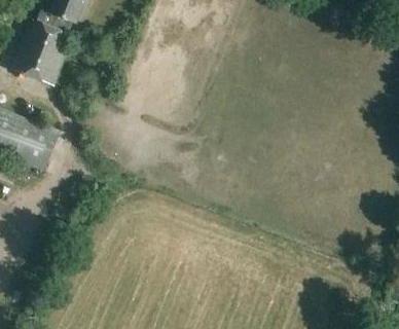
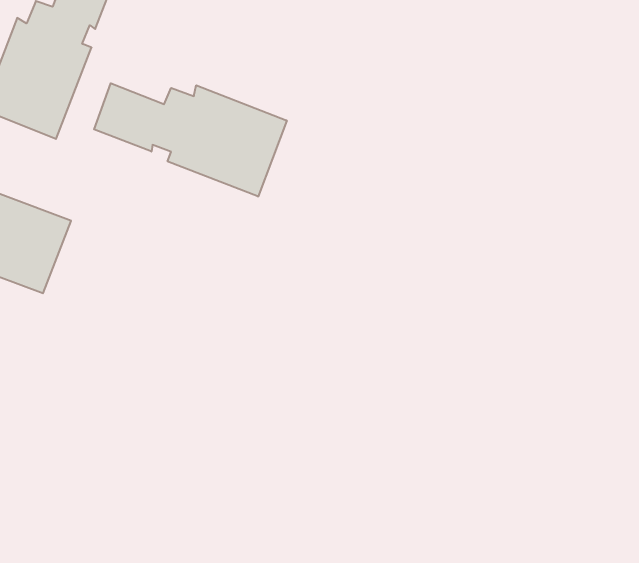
building: none -> [94,83,287,197]

